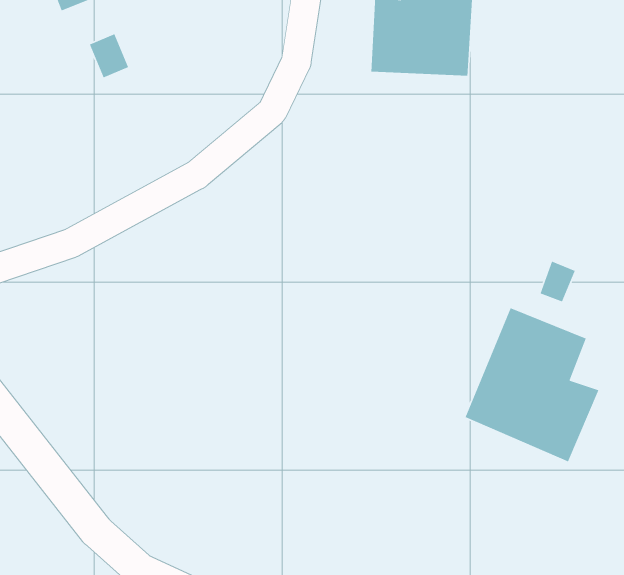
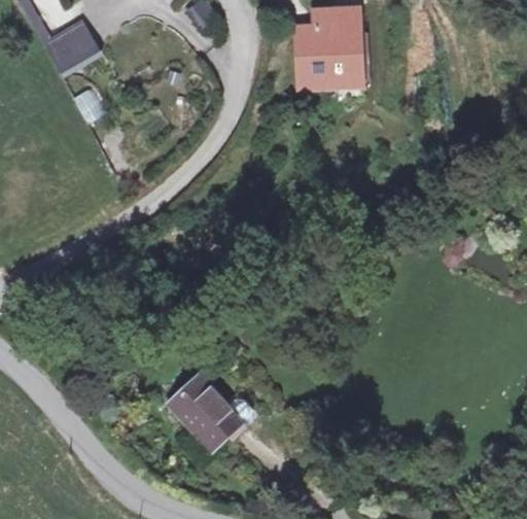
building: [465,307,600,462] -> none
building: none -> [168,374,256,450]

